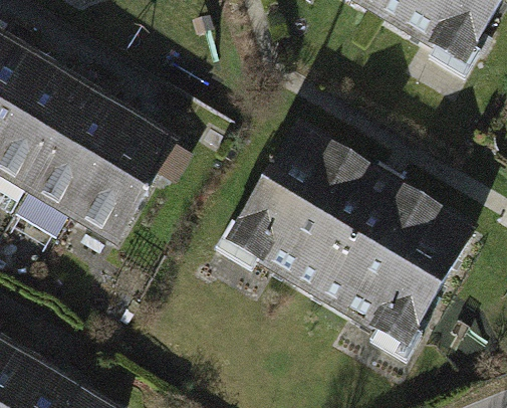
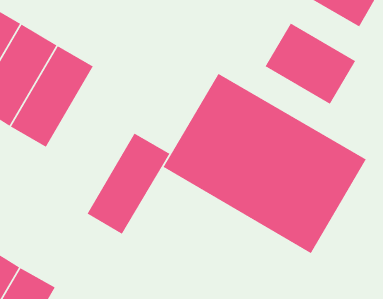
building: none -> [265,22,356,105]
building: [72,115,177,242] -> [87,132,171,235]

